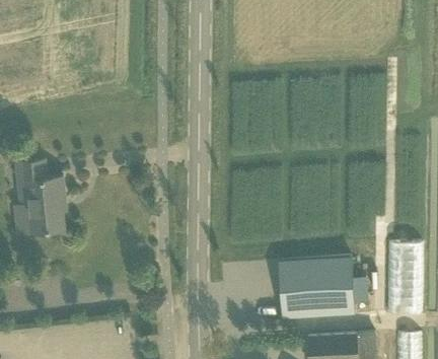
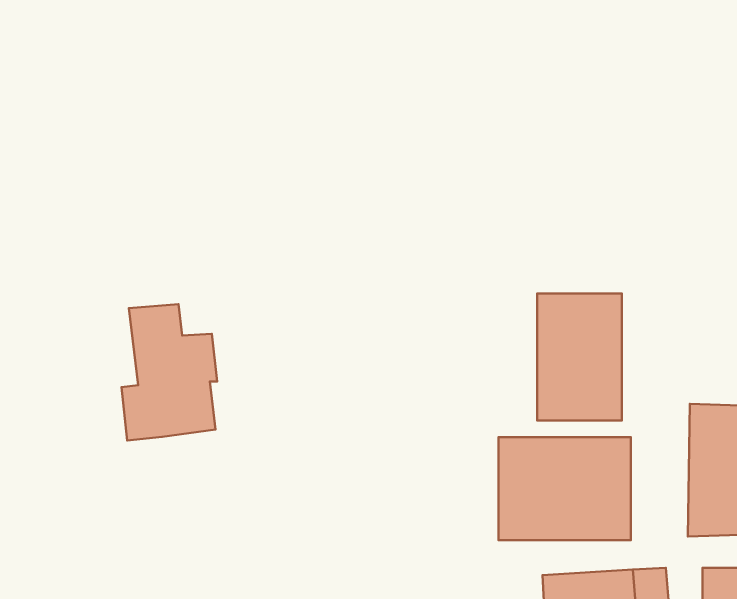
building: [11,160,64,235] -> [122,304,217,440]
building: none -> [537,294,622,420]

